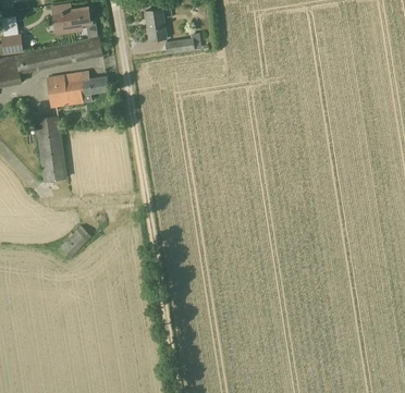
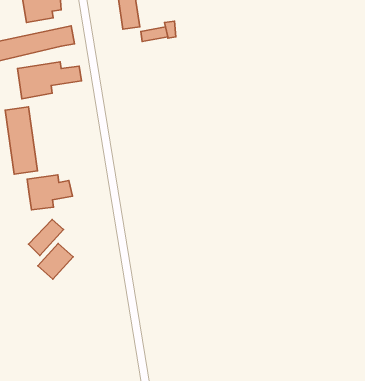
building: none -> [27,175,73,210]
building: none -> [38,243,73,279]

